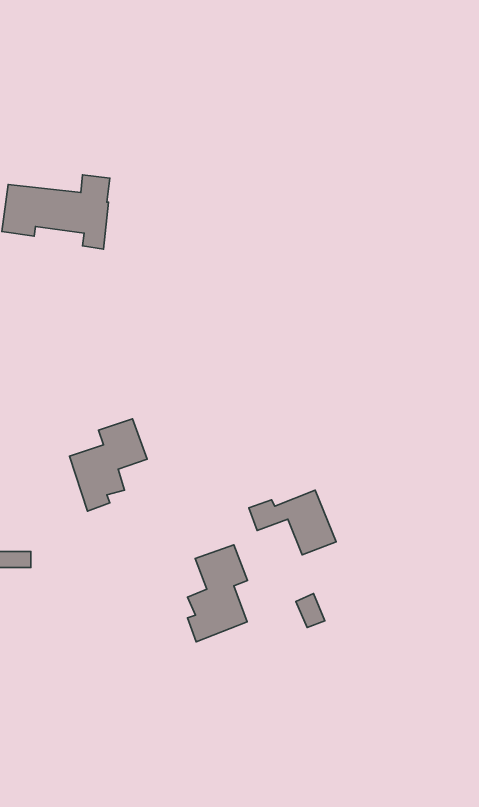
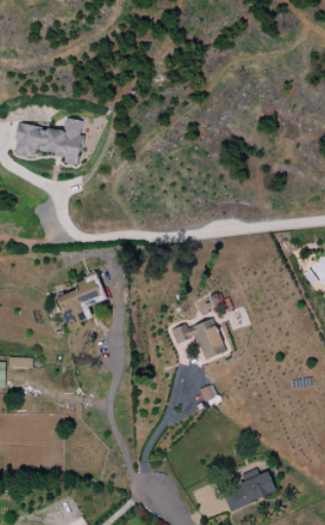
building: [188,545,247,642] -> none
building: none -> [222,468,277,511]

